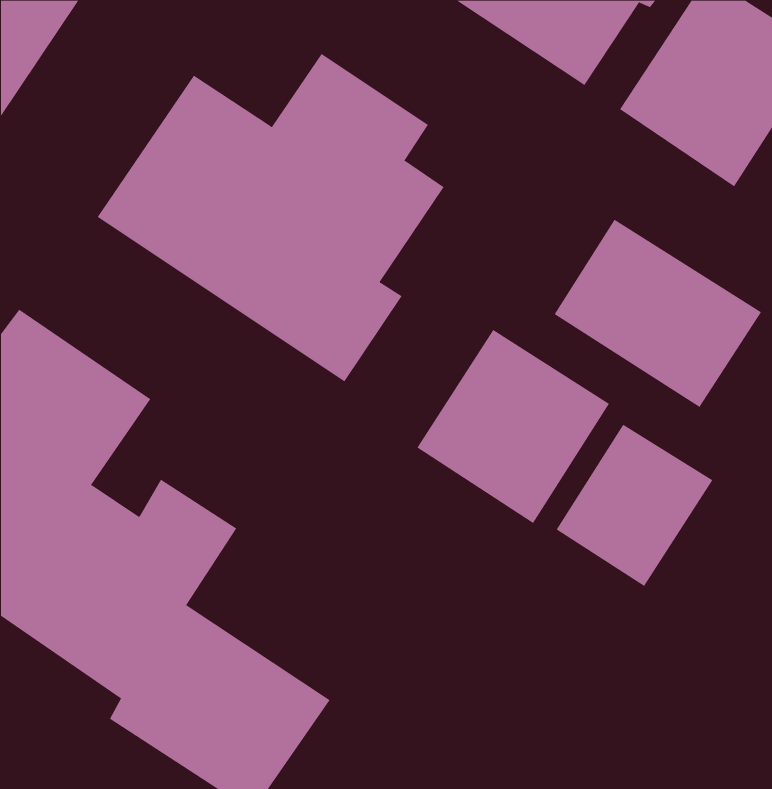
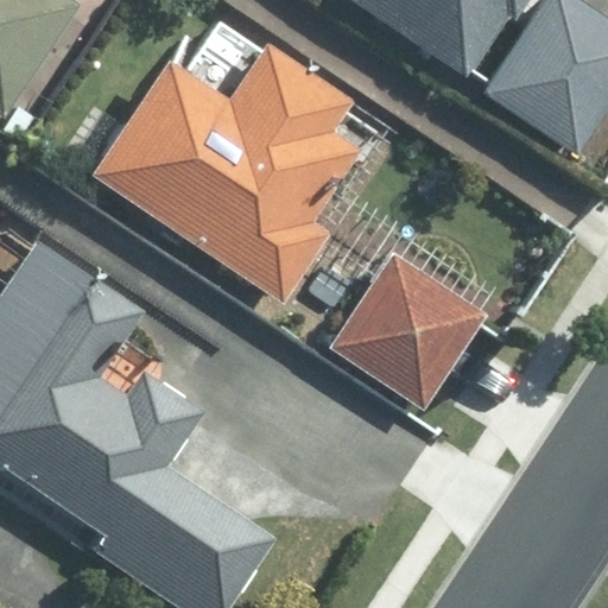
building: [554,219,762,408] -> none
building: [556,424,713,587] -> none

